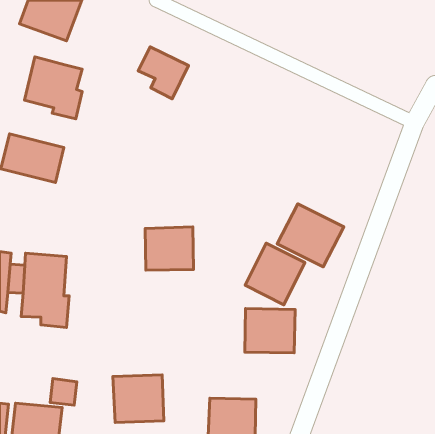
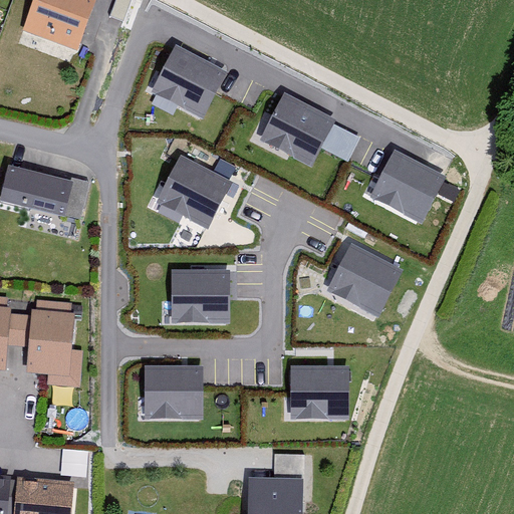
building: [25,57,82,119] -> none
building: none -> [261,91,360,165]
building: none -> [368,150,446,222]
building: none -> [155,153,232,225]
building: [245,243,305,305] -> none
building: [113,375,164,423] -> [142,362,202,419]

